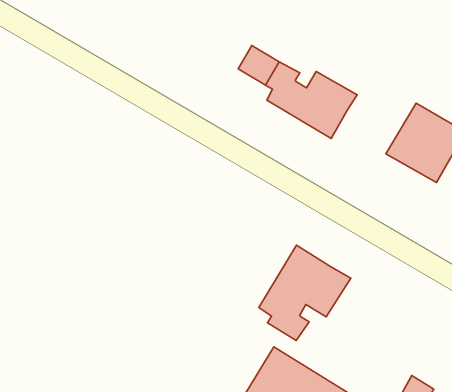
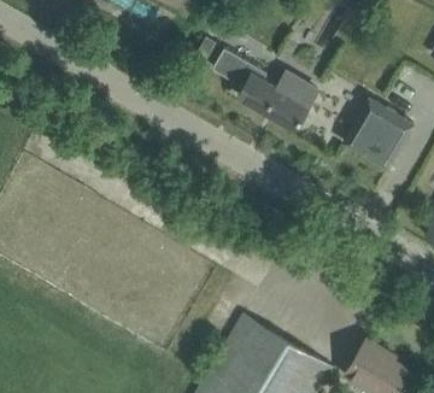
building: [259,245,351,340] -> none

